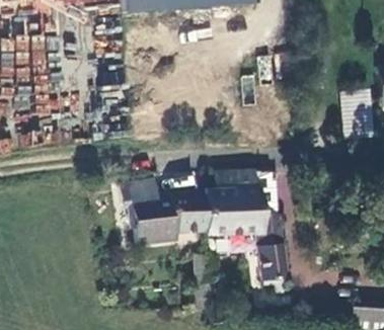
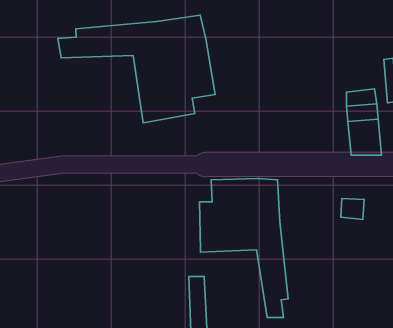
building: none -> [58,15,215,123]
building: [121,178,207,242] -> none

